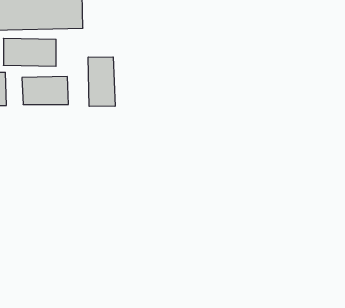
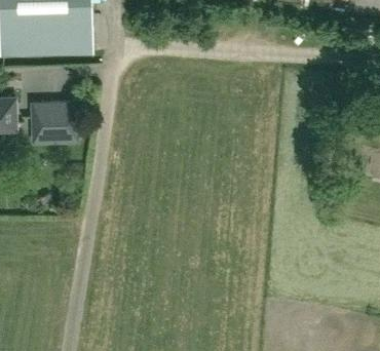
building: [88,57,115,106] -> none

